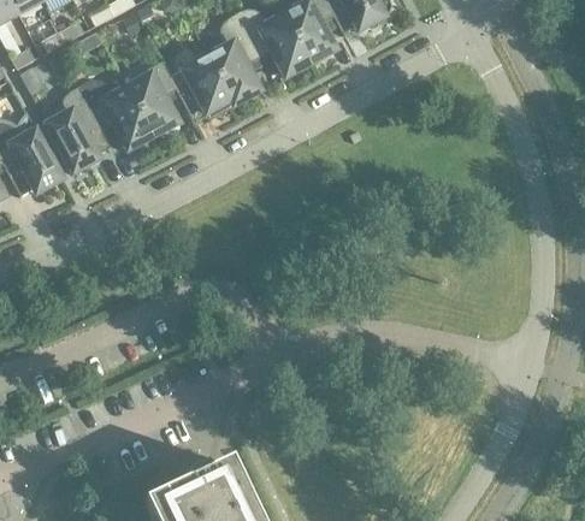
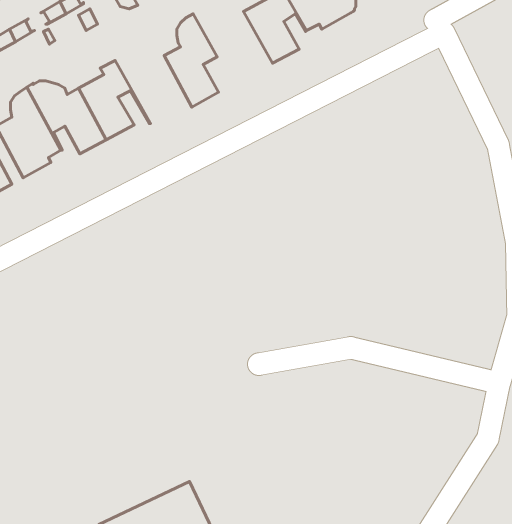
building: [235,8,311,76] -> none
building: [160,54,234,119] -> none

